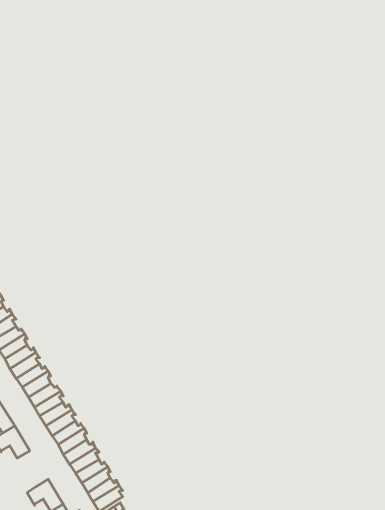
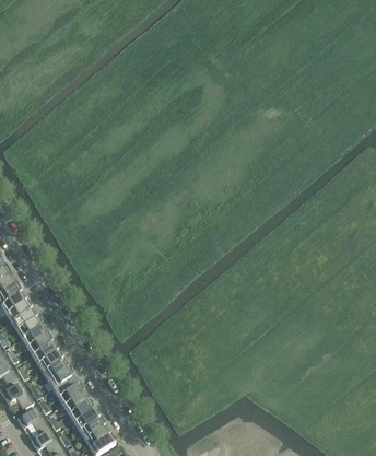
building: none -> [16,405,49,433]

